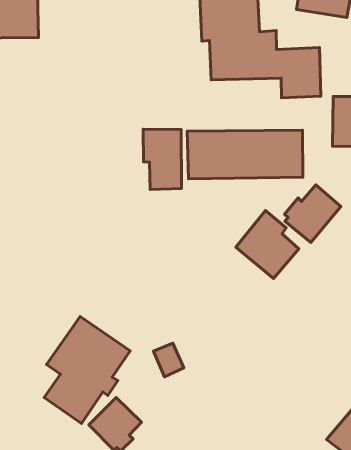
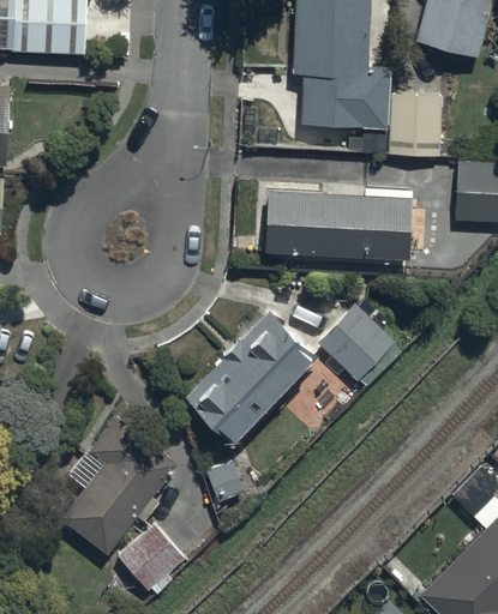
building: [143,129,182,189] -> none
building: [285,185,341,243] -> none
building: none -> [187,312,317,443]

